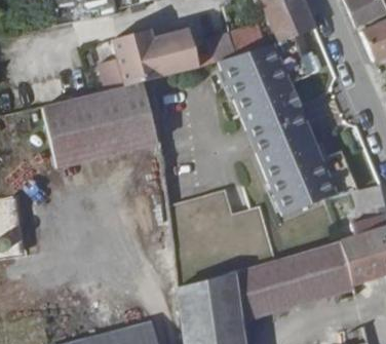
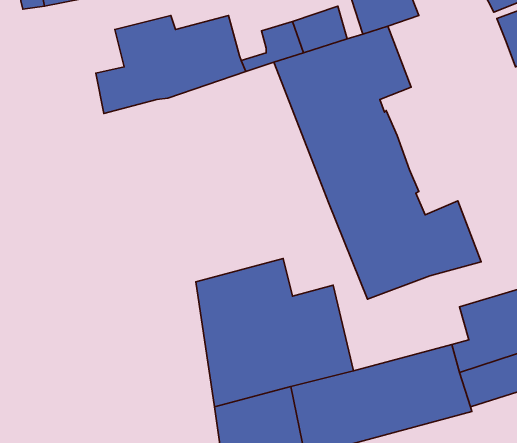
building: [43,83,156,166] -> none

